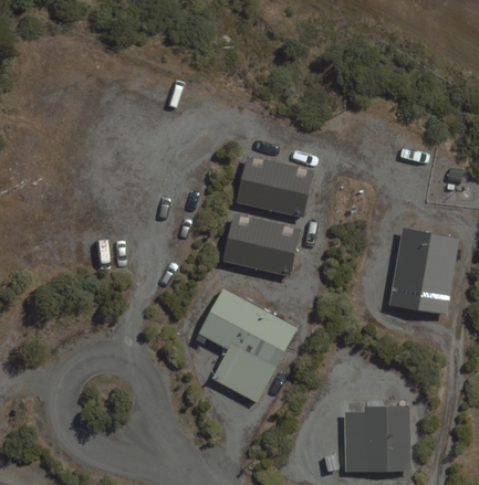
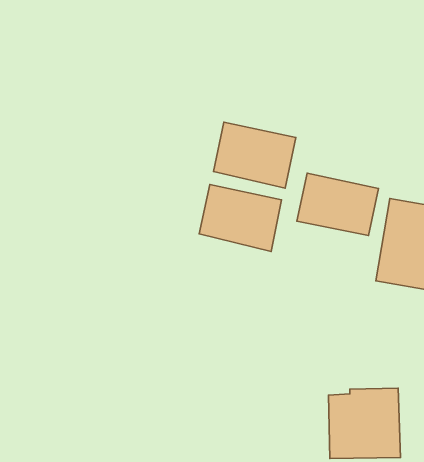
building: none -> [297,173,378,235]
building: [194,288,296,402] -> none

